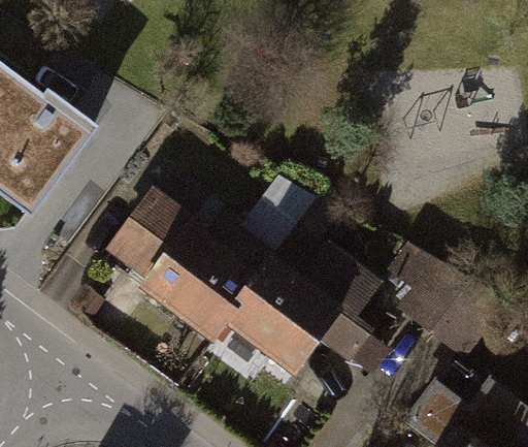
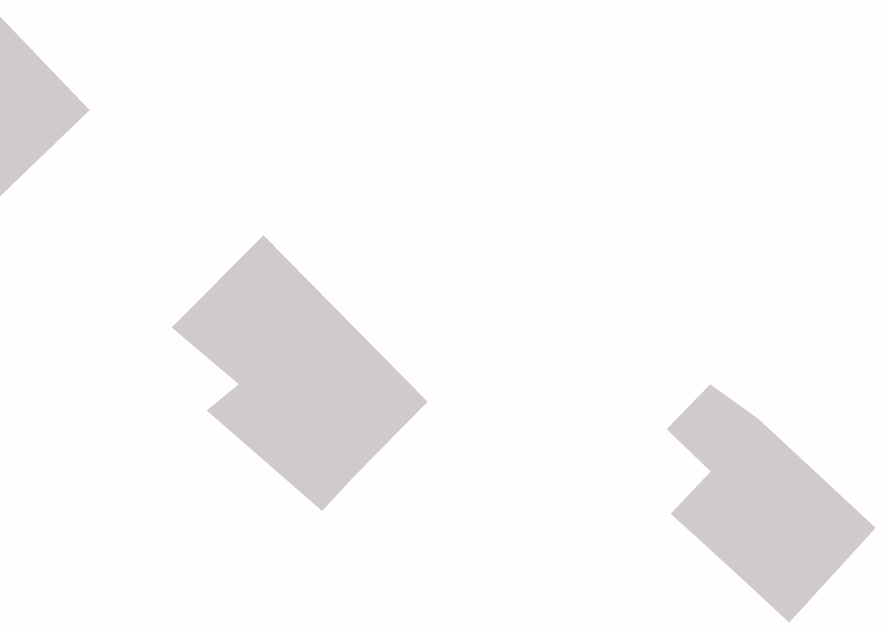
building: [225,241,378,376] -> none

